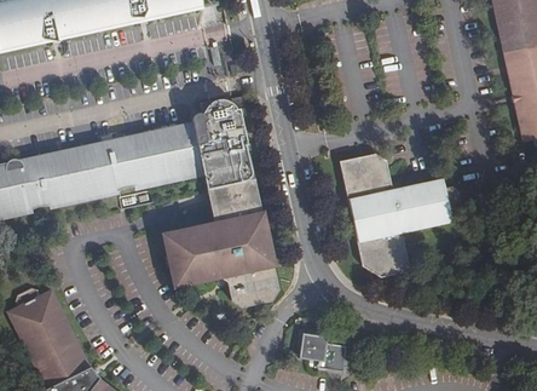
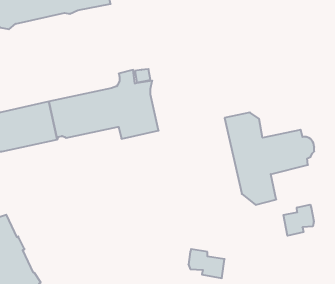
building: [162,178,279,305] -> none
building: none -> [283,205,314,236]

